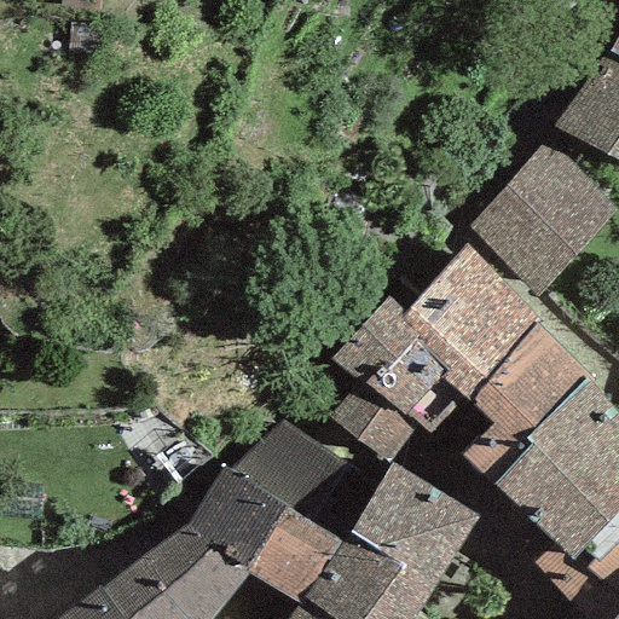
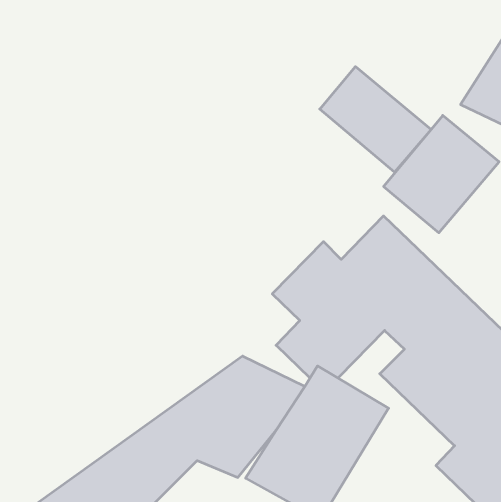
building: none -> [320,67,431,172]

